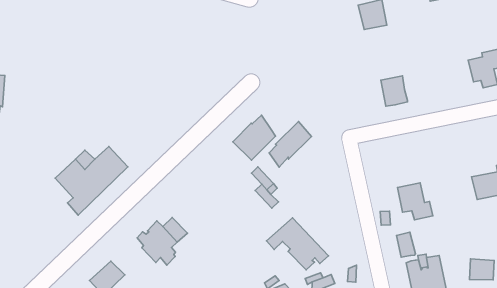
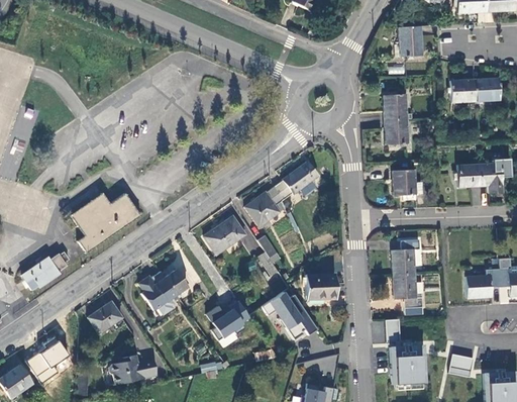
building: none -> [386,119,409,144]
building: none -> [458,165,482,187]
building: [269,122,311,167] -> [276,161,318,201]
building: none -> [392,239,420,275]
building: none -> [204,216,246,255]
building: none -> [306,274,337,300]
building: none -> [22,253,70,286]
building: none -> [208,302,253,341]

